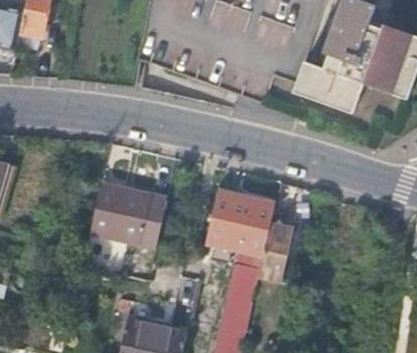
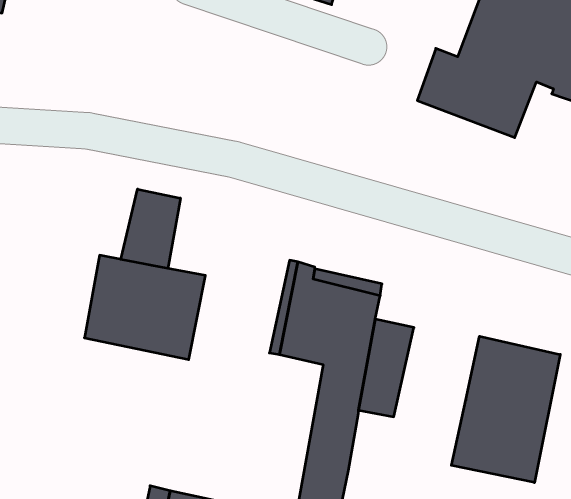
building: none -> [121,189,180,268]
building: none -> [451,336,560,483]

